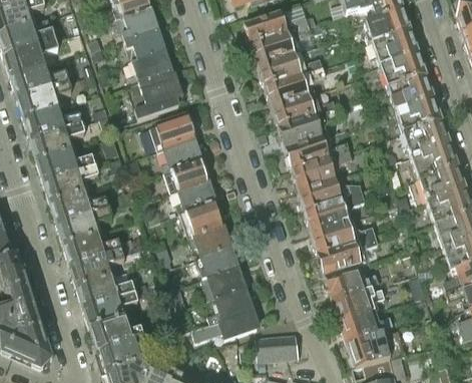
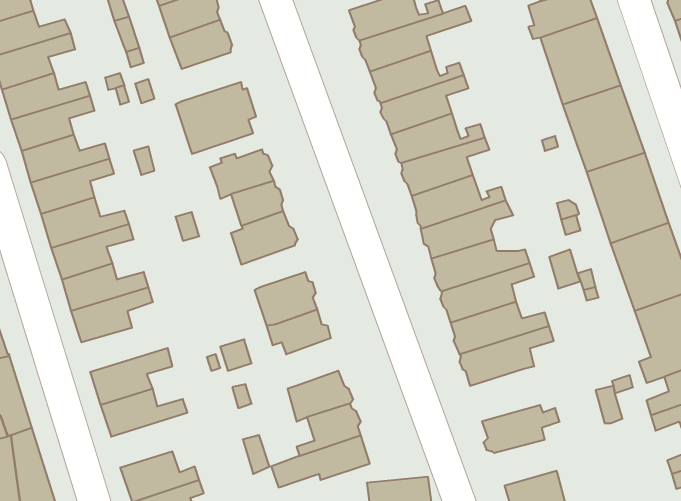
building: [128,51,171,84] -> none
building: [179,180,214,209] -> none
building: [64,236,132,266] -> none
building: [195,243,237,277] -> none
building: [324,264,379,299] -> none
building: [84,293,138,330] -> none
building: [339,311,394,342] -> none

